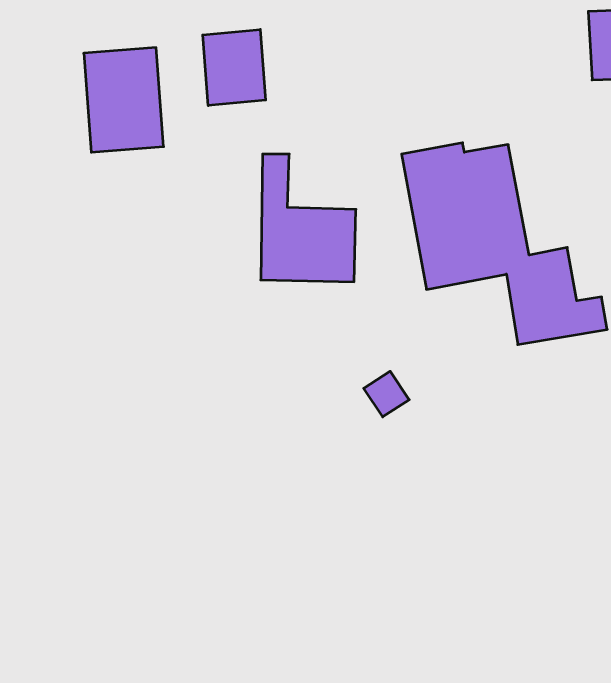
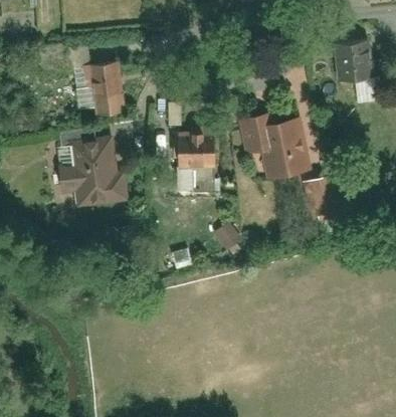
building: [203,29,266,106] -> none
building: none -> [48,127,127,207]

